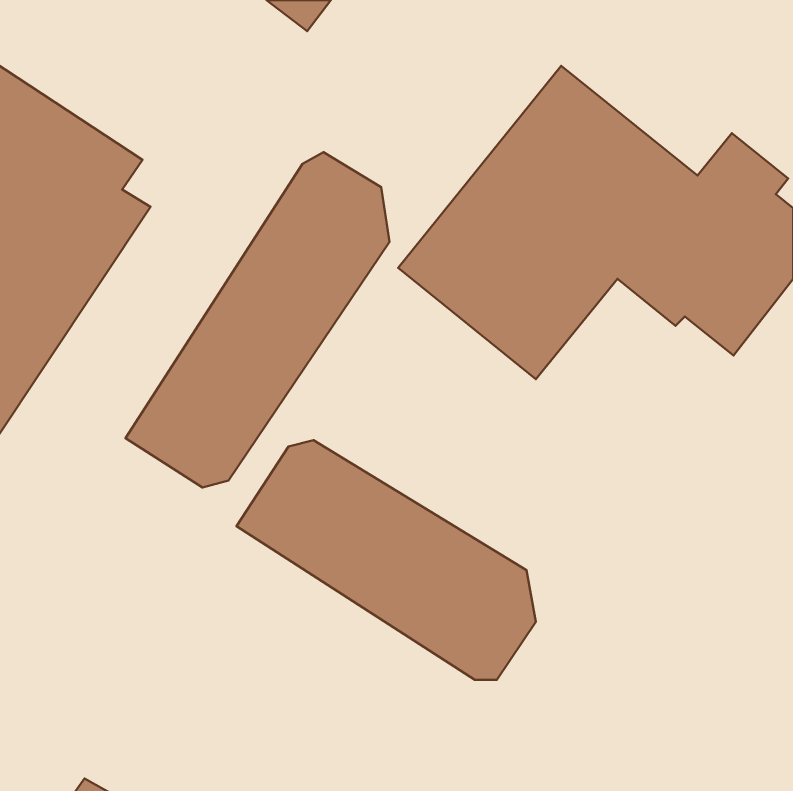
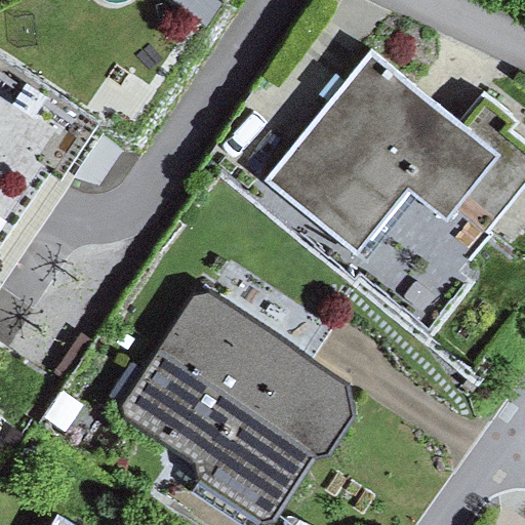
building: [125,152,390,488] -> none
building: none -> [119,351,311,520]

